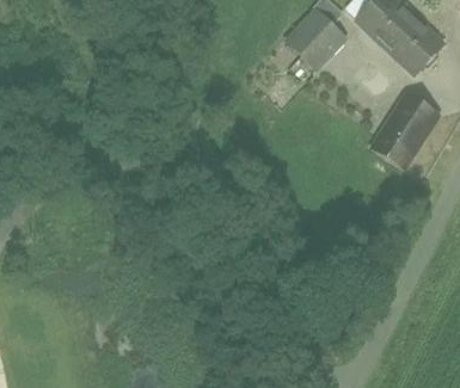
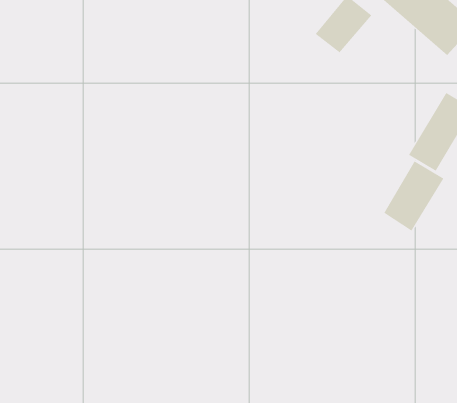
building: none -> [384,160,444,231]

